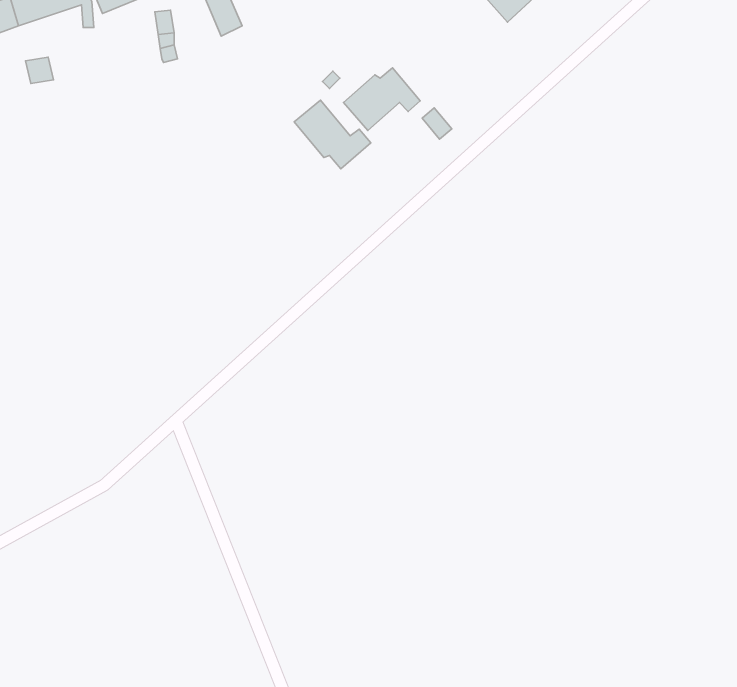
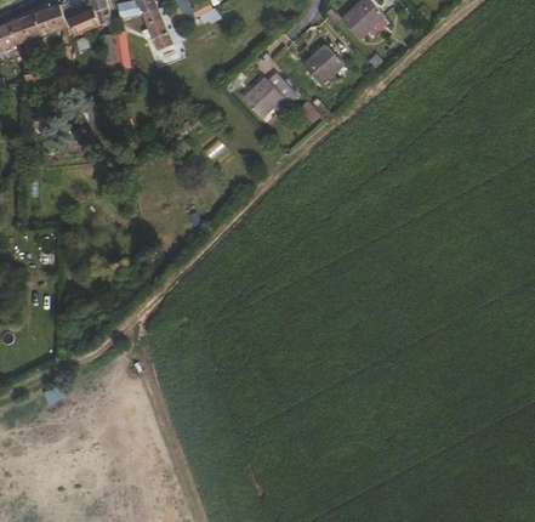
building: none -> [303,44,343,84]
building: [294,100,371,169] -> none

